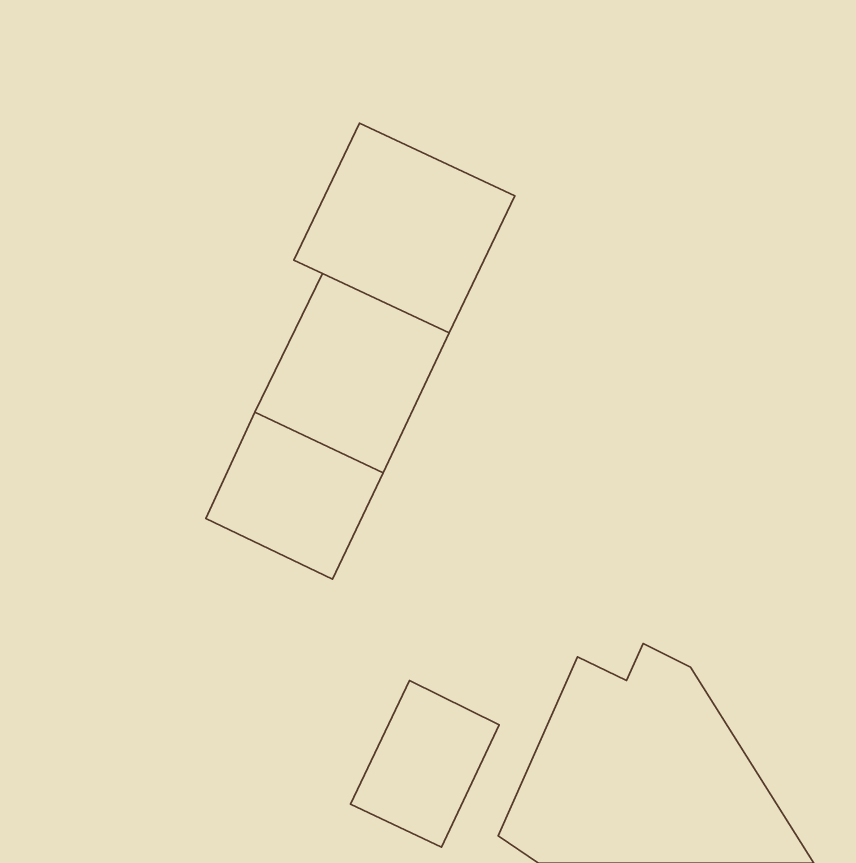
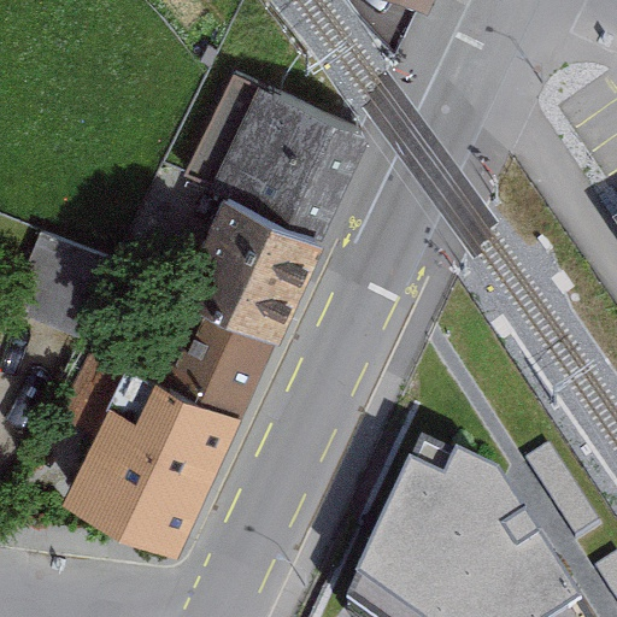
building: none -> [65,362,242,556]
building: [351,681,499,847] -> none

